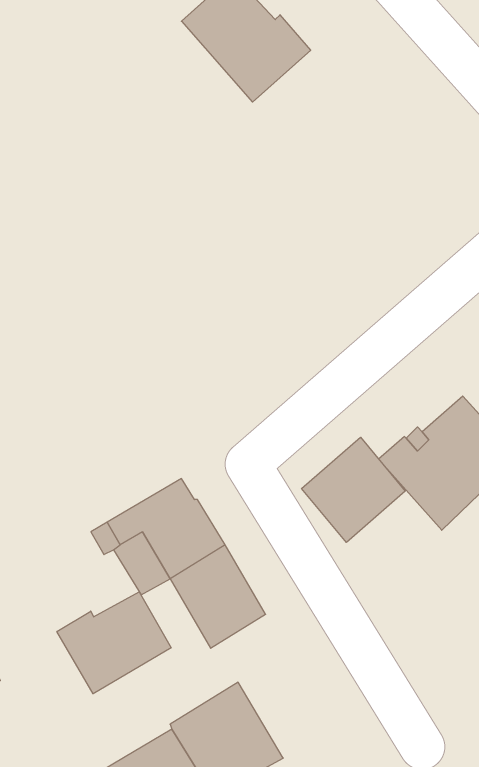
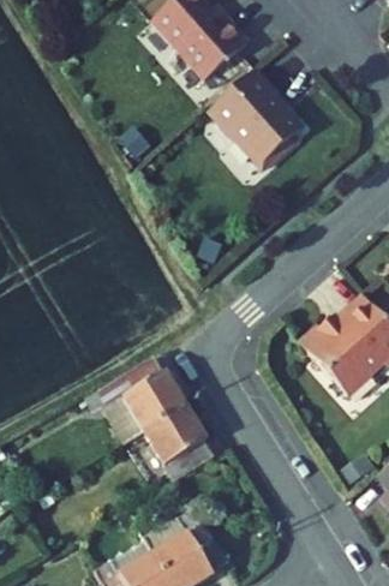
building: none -> [208,66,303,168]
building: [302,437,405,542] -> none
building: [57,592,171,694] -> none

